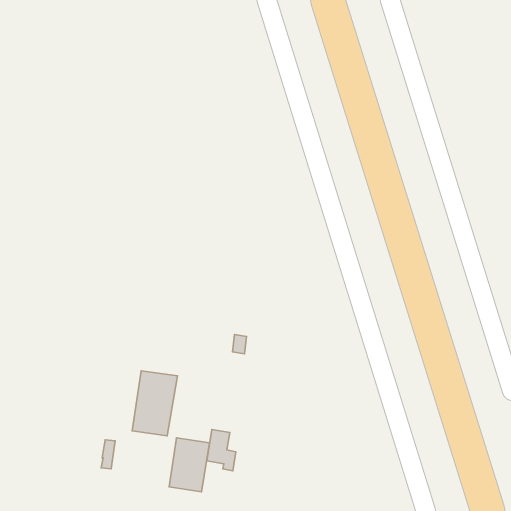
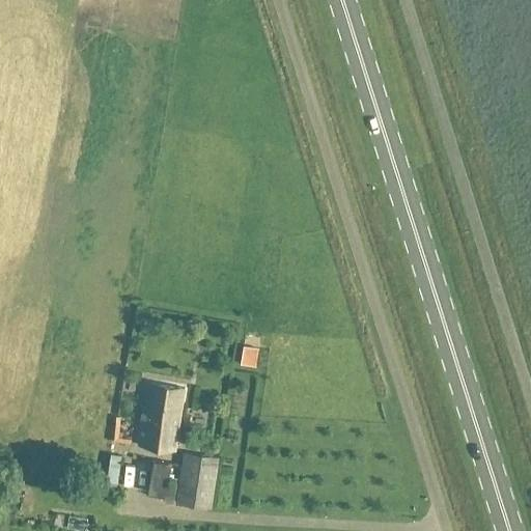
building: [207,430,236,471] -> [145,463,175,505]

